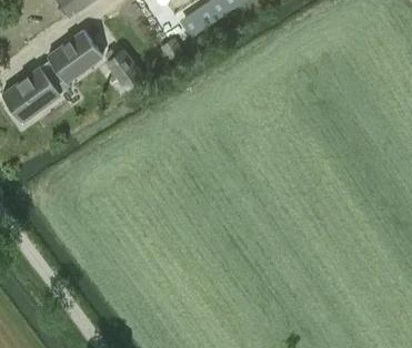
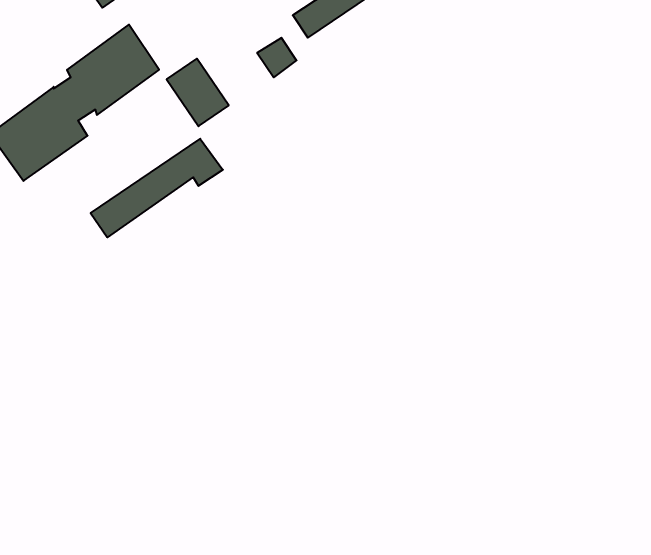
building: none -> [91,139,223,237]

